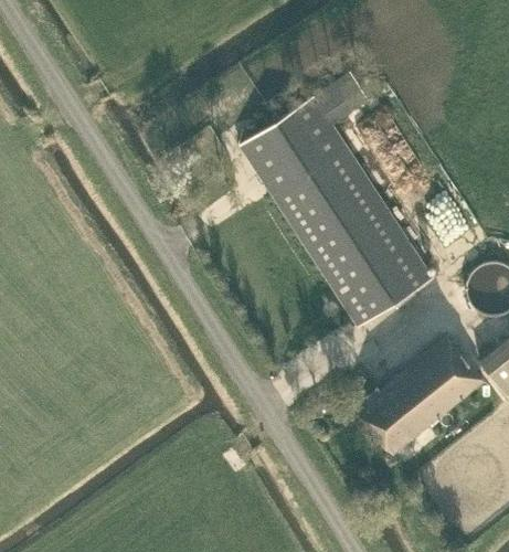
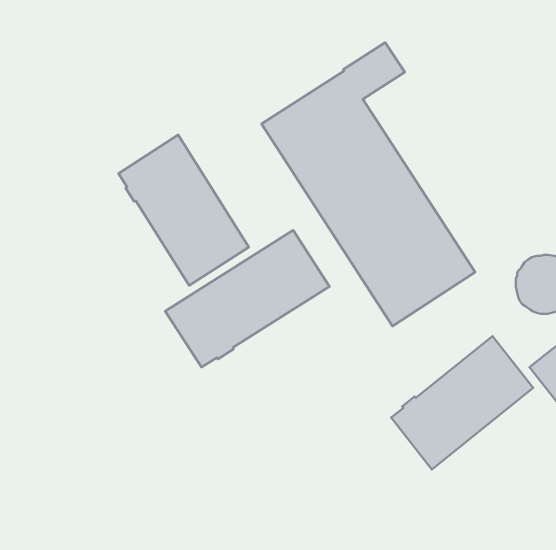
building: none -> [119,135,249,286]
building: none -> [165,230,330,367]

